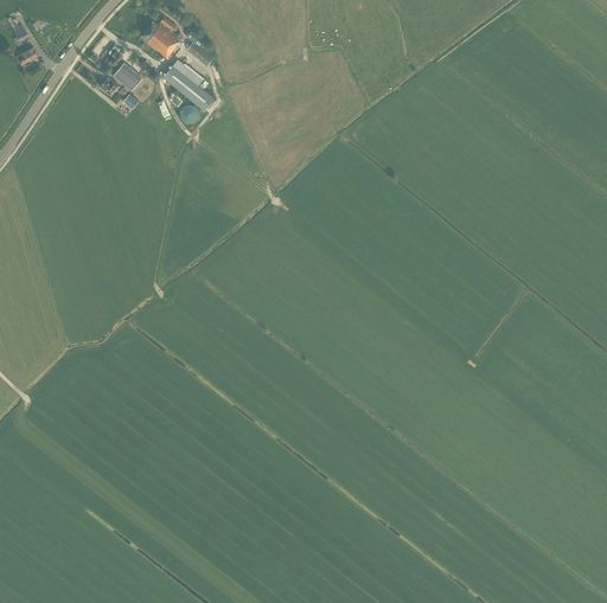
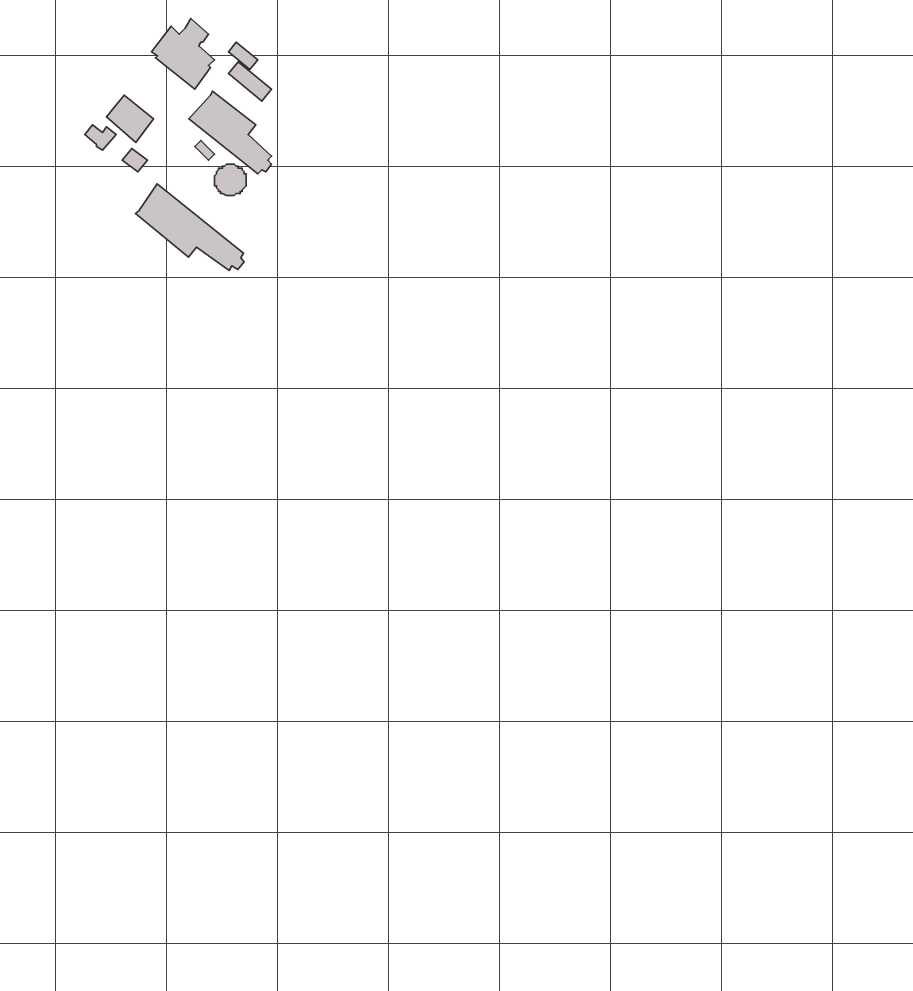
building: none -> [135,184,244,271]

